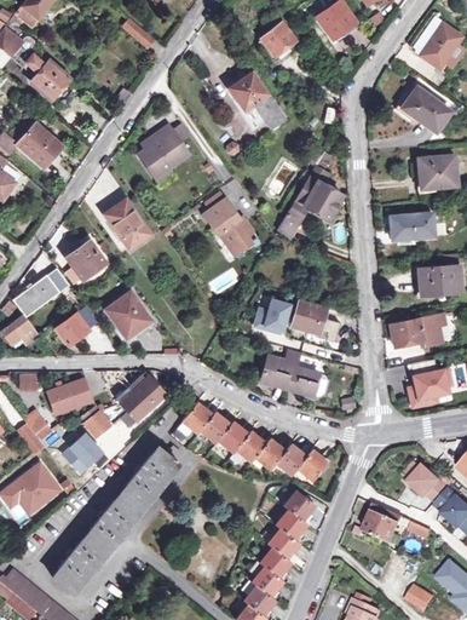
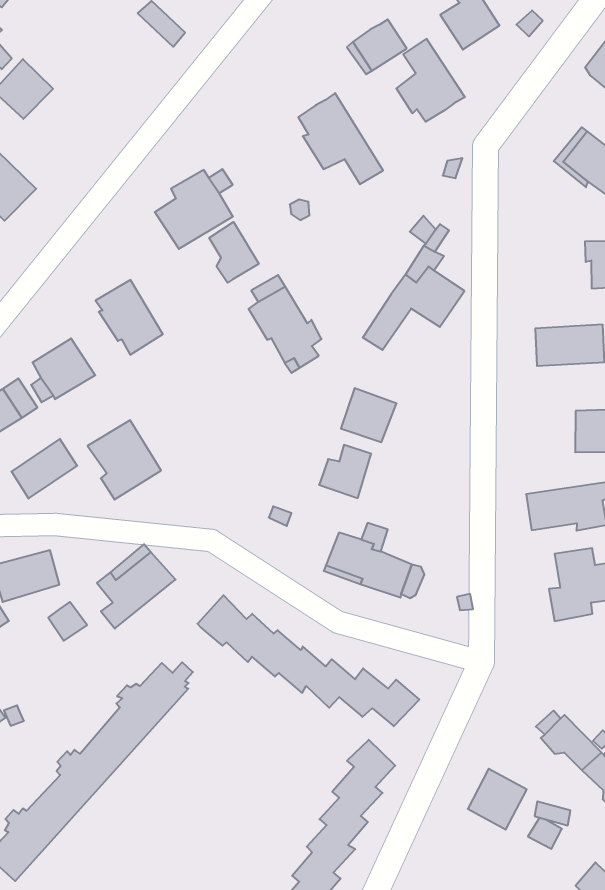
building: none -> [396,39,465,122]
building: none -> [209,222,259,283]
building: [293,300,328,334] -> [341,388,397,442]
building: [62,432,104,475] -> none

